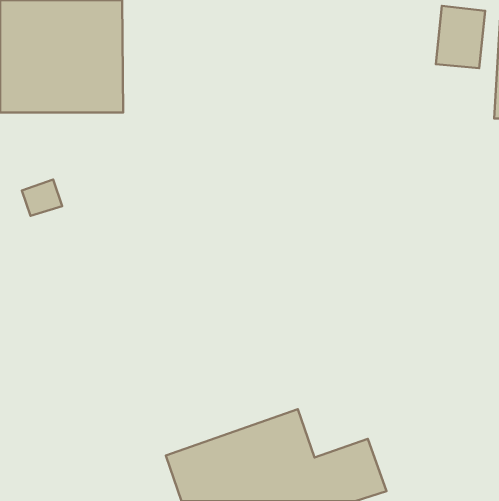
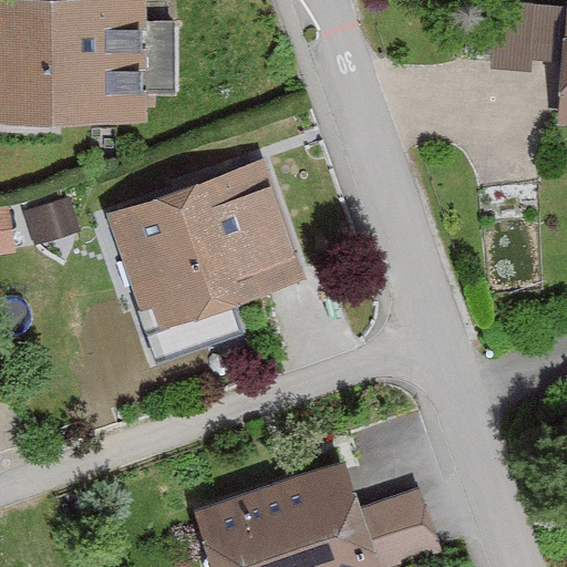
building: none -> [110,166,301,330]

